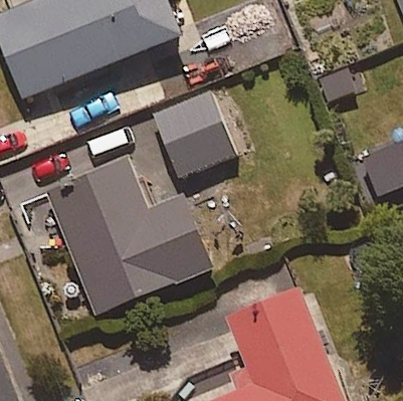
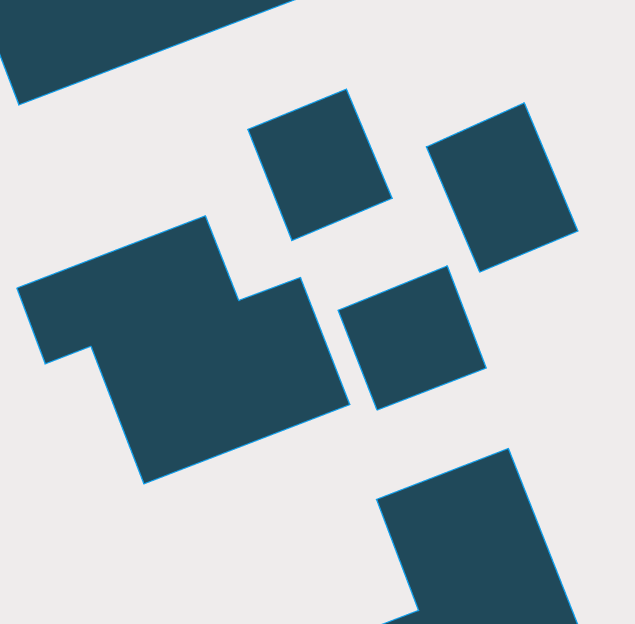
building: none -> [426,103,578,272]
building: none -> [338,266,486,410]

